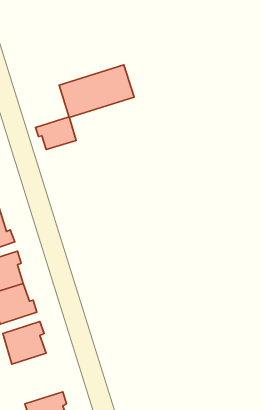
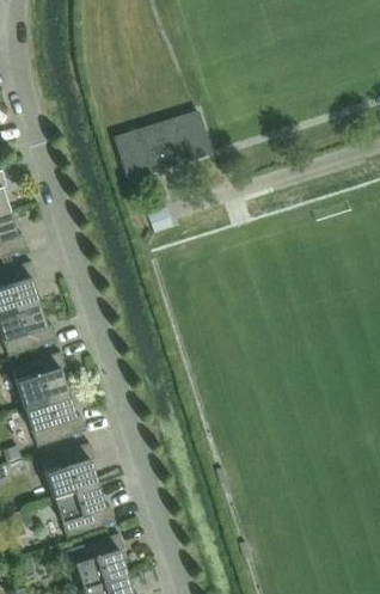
building: [35,117,76,150] -> none
building: none -> [54,483,116,537]

